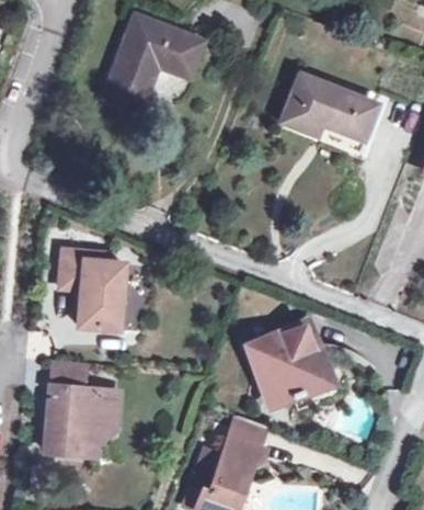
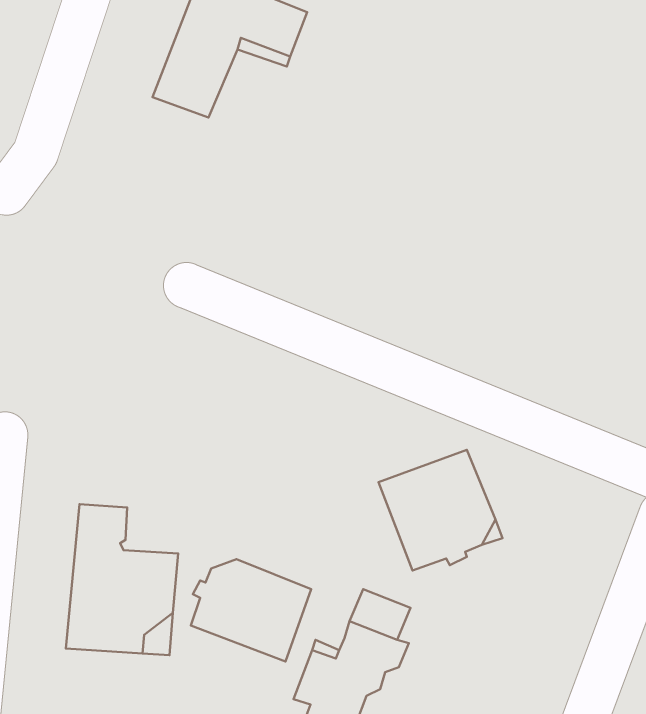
building: [280,73,376,140] -> none
building: [59,249,124,328] -> none
building: none -> [191,559,311,661]

